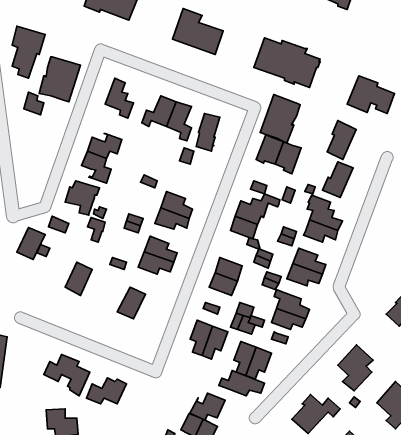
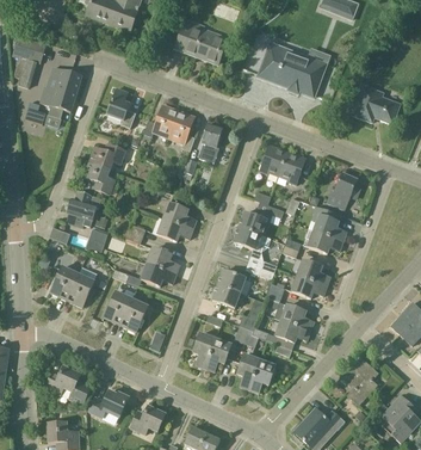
building: [260,94,300,143] -> none
building: [327,121,356,160] -> none
building: [17,227,45,259] -> [50,266,79,298]
building: none -> [104,290,132,323]
building: [219,371,265,396] -> none
building: [190,393,225,420] -> [130,406,166,433]

